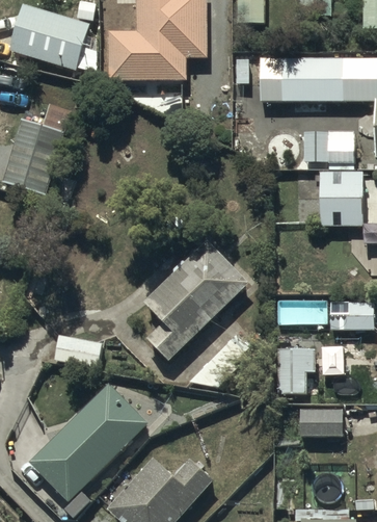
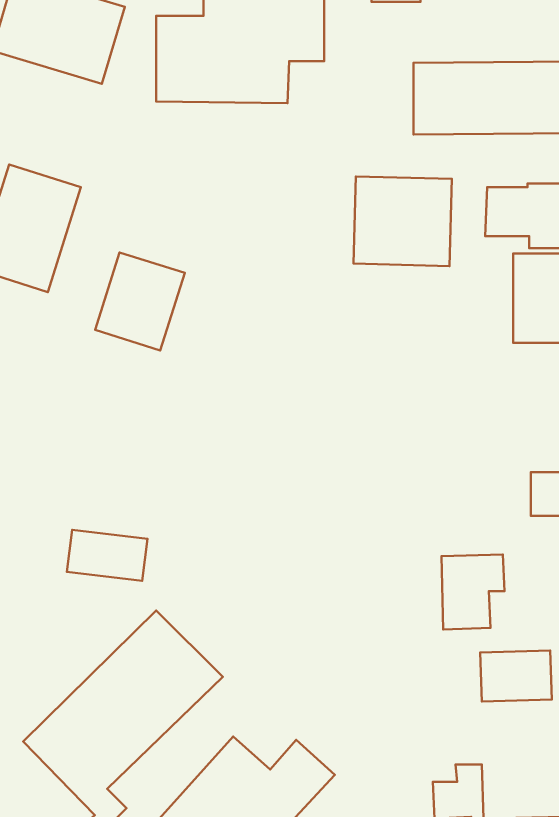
building: none -> [353,176,452,266]
building: none -> [95,252,185,350]
building: [143,241,247,361] -> none

